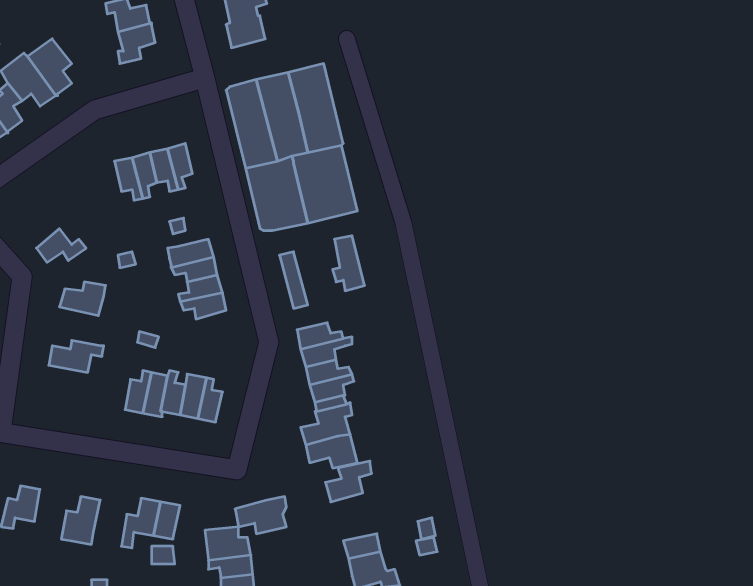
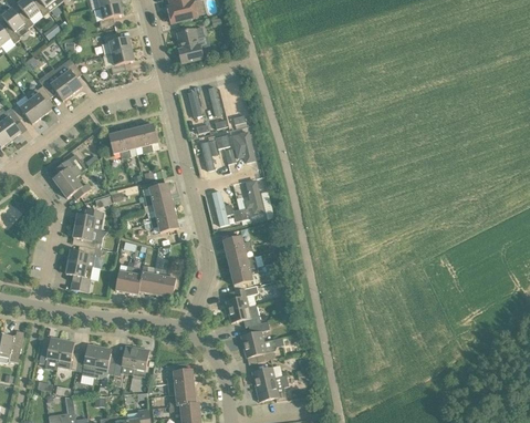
building: none -> [52,153,87,188]
building: none -> [72,225,102,249]
building: none -> [65,261,92,292]
building: none -> [56,339,79,370]
building: [235,497,286,534] -> [243,339,276,362]
building: none -> [94,345,116,374]

